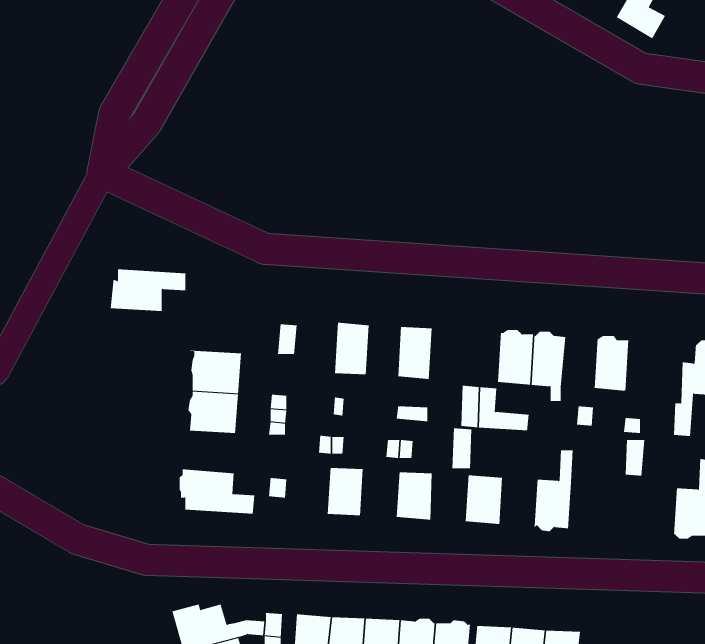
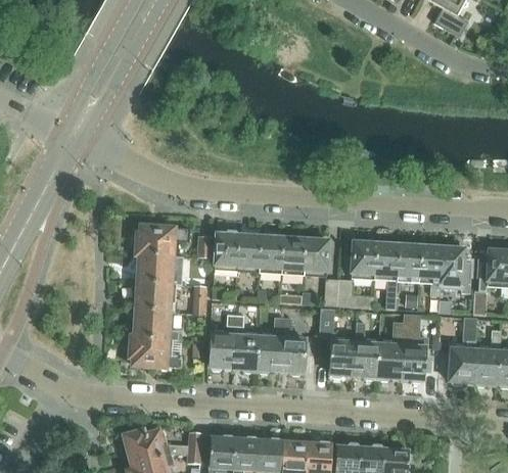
building: [110,269,186,311] -> [136,226,189,255]
building: none -> [215,233,239,270]
building: none -> [260,236,283,272]
building: none -> [304,238,329,275]
building: none -> [396,241,420,280]
building: none -> [440,244,471,292]
building: none -> [131,310,169,339]
building: none -> [401,314,427,381]
building: none -> [449,317,477,384]
building: none -> [353,321,378,379]
building: none -> [209,333,234,368]
building: none -> [256,336,282,370]

